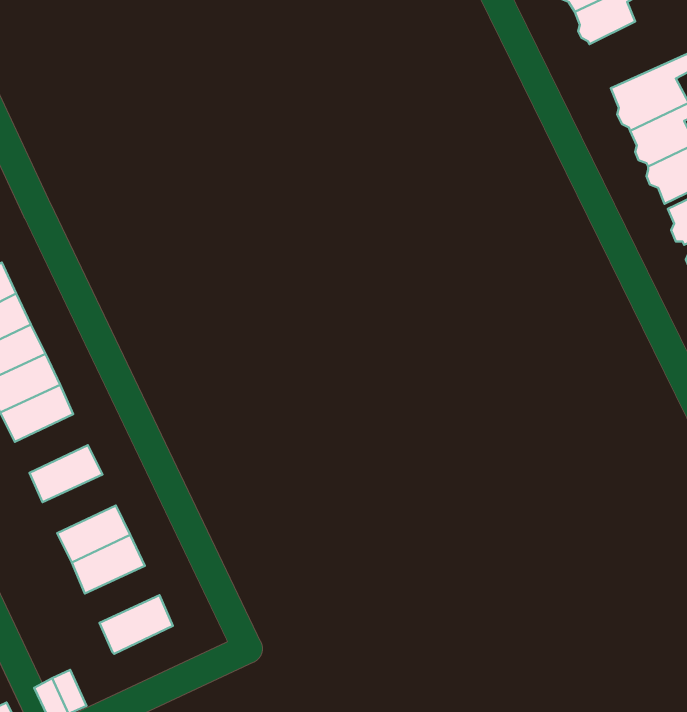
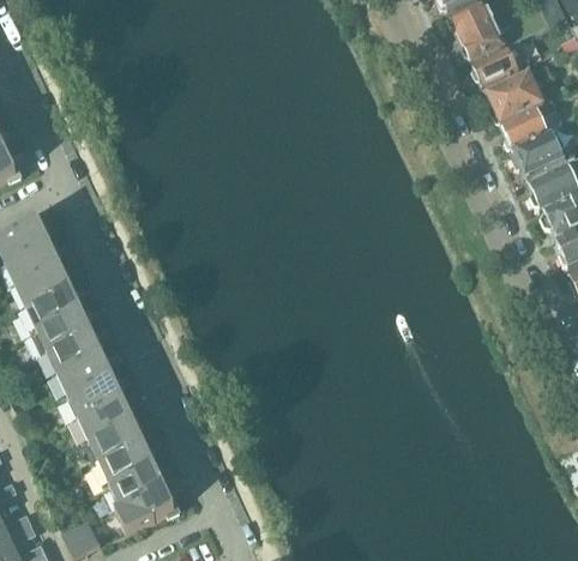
building: none -> [471,43,530,85]
building: none -> [47,328,101,372]
building: none -> [67,373,121,416]
building: none -> [98,440,153,482]
building: none -> [114,484,174,531]

